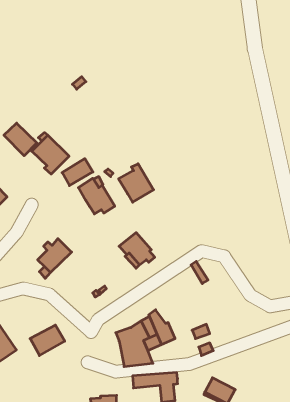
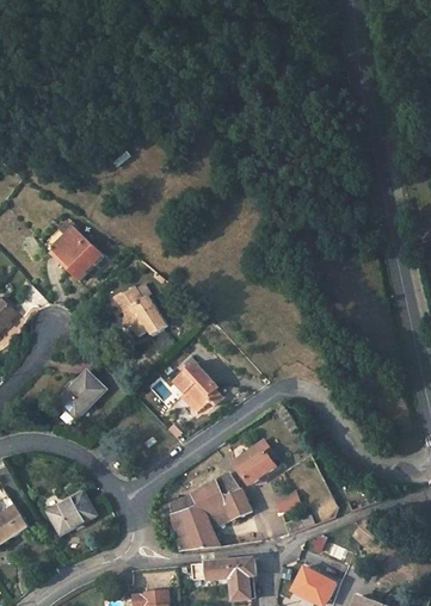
building: [4,123,37,156] -> none
building: [62,159,93,186] -> none
building: [119,164,154,202] -> none
building: none -> [232,440,275,486]

